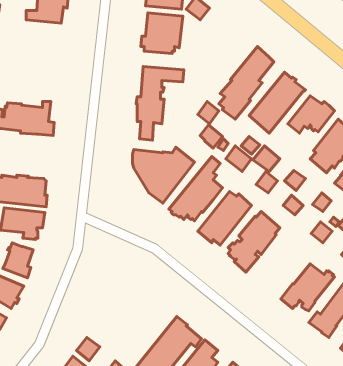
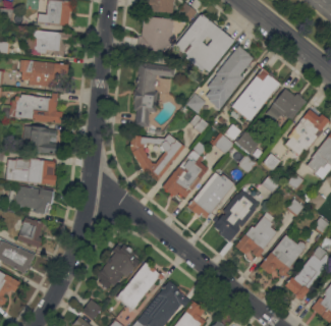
building: none -> [175,13,234,73]
building: none -> [27,30,71,56]
building: none -> [24,61,68,88]
building: none -> [22,126,60,155]
building: none -> [234,212,277,258]
building: none -> [96,243,140,289]
building: none -> [116,263,164,311]

